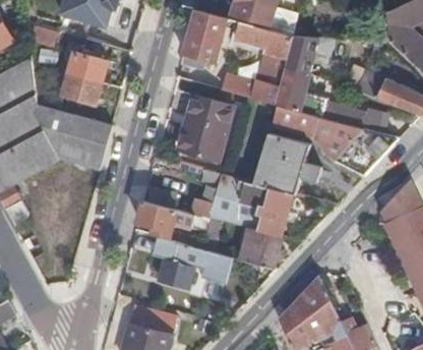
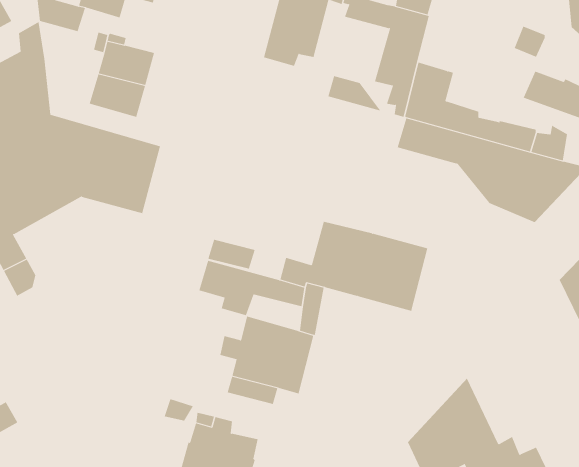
building: [285,35,318,73] -> none
building: [178,95,232,160] -> none
building: [254,131,320,193] -> none
building: [239,225,283,268] -> none

